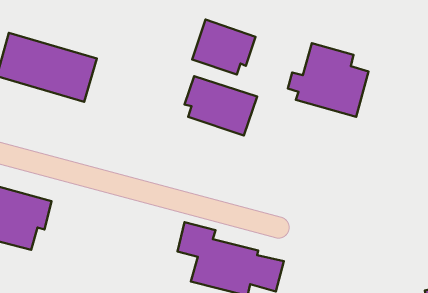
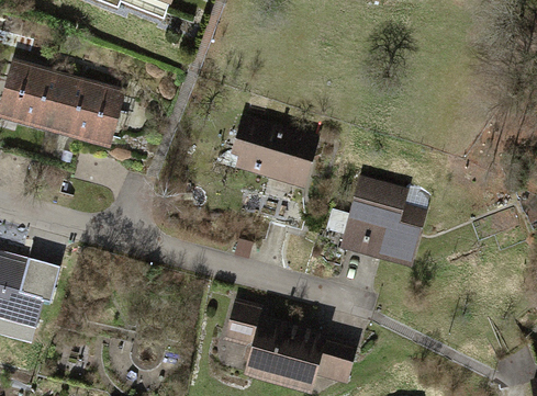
building: [192,19,256,75] -> none
building: [288,43,368,117] -> [326,174,426,265]

